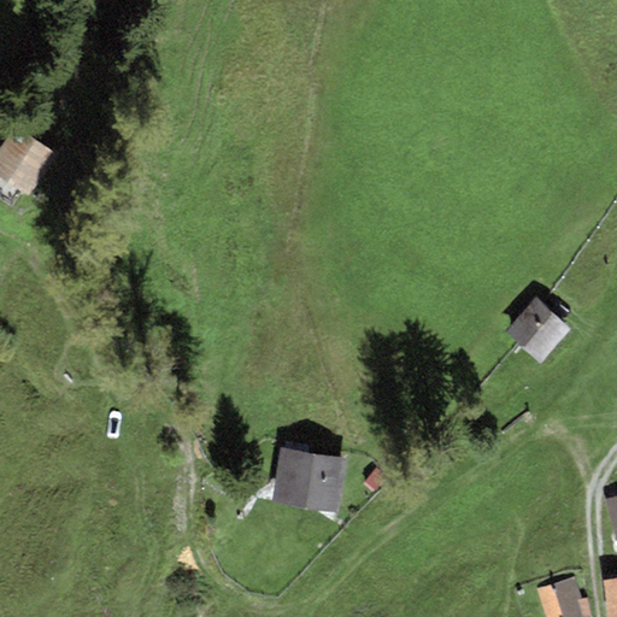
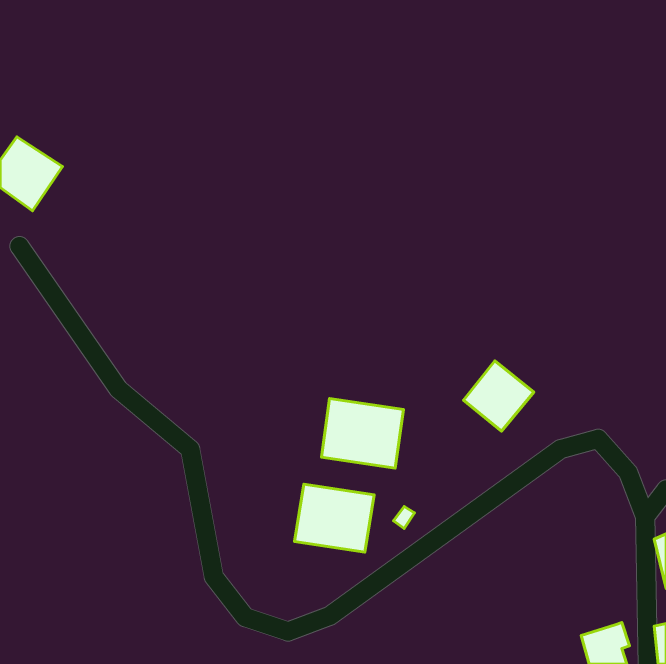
building: [505,299,570,364] -> [464,361,534,431]
building: none -> [321,399,403,468]

